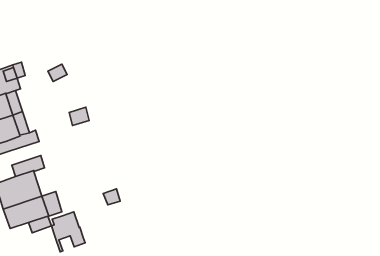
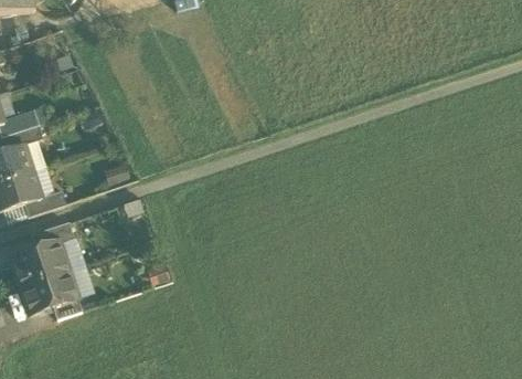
building: none -> [56,236,84,273]
building: [51,212,85,252] -> none

